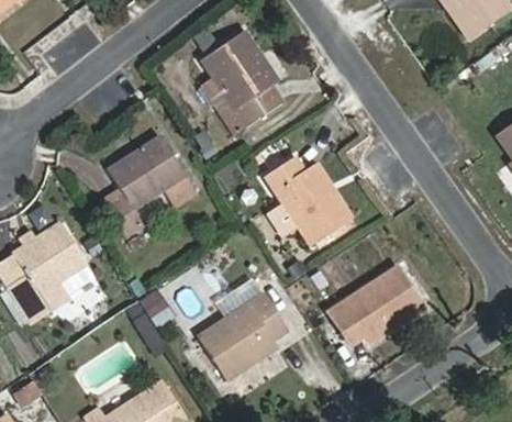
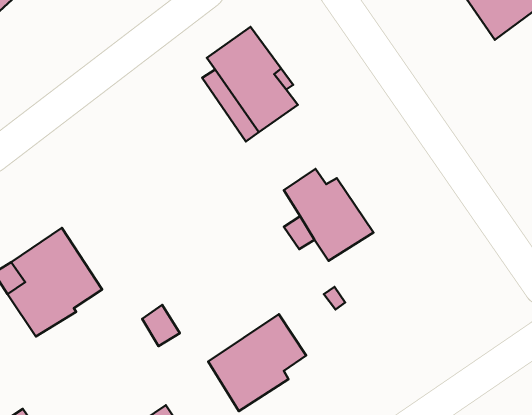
building: [99,129,196,236] -> none
building: [334,269,427,348] -> none

